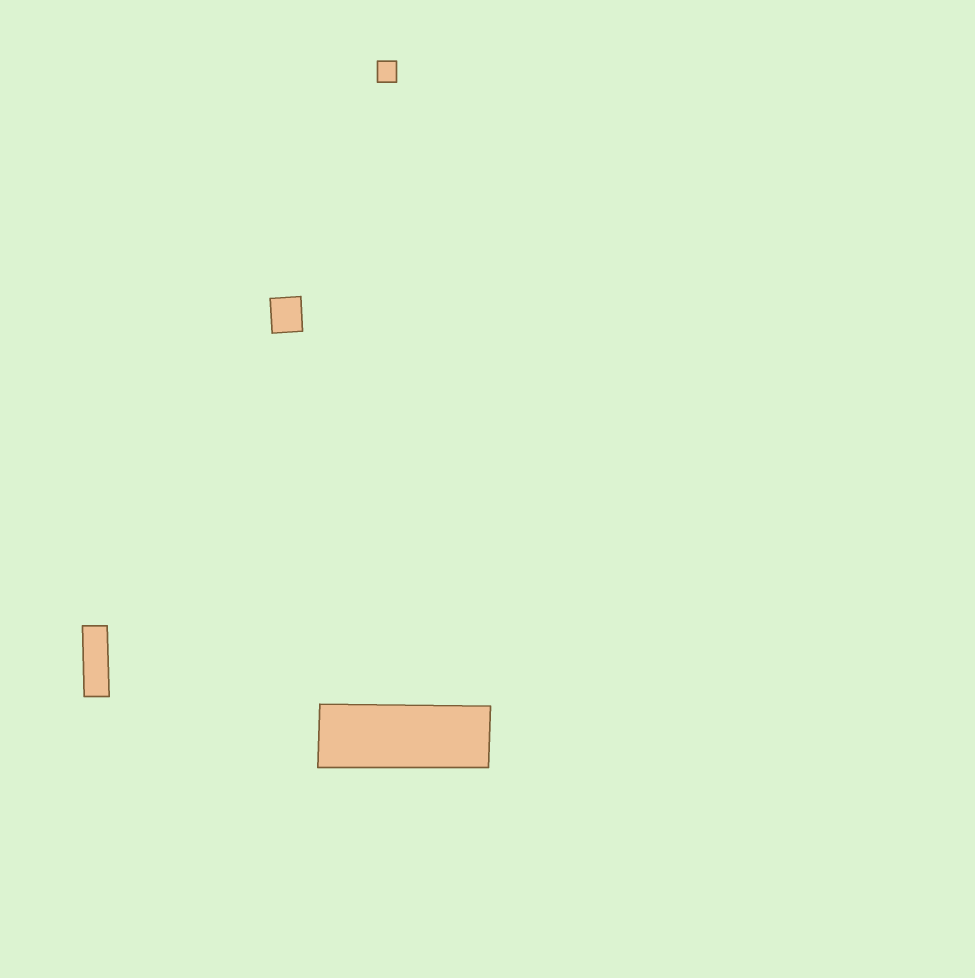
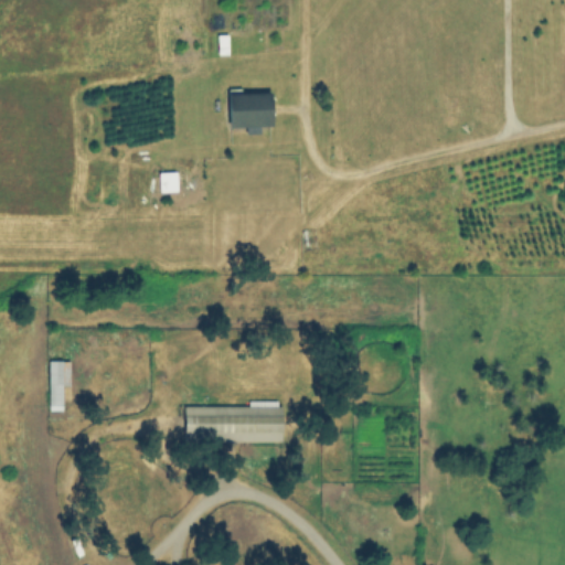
building: none -> [230,88,274,129]

